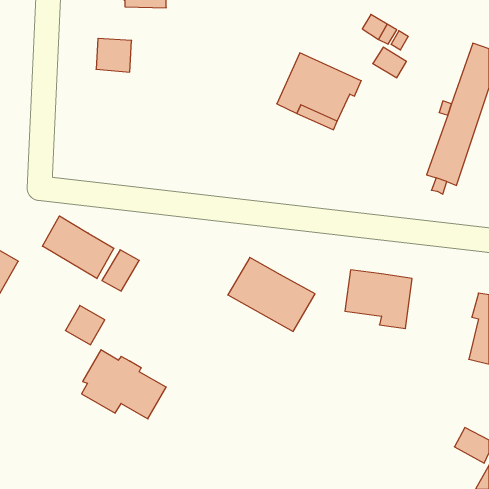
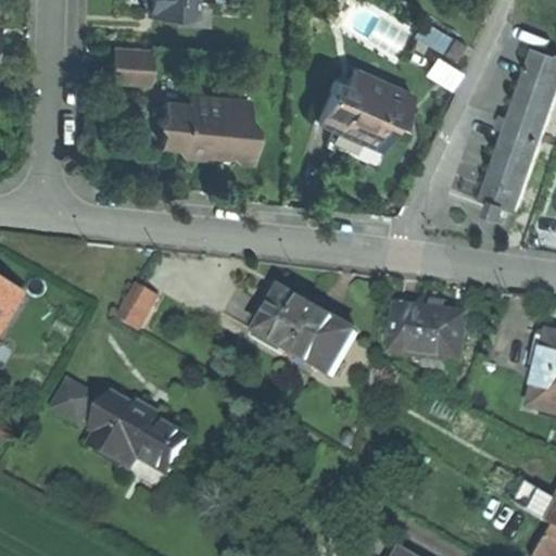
building: none -> [154,91,257,159]
building: [42,216,114,279] -> none
building: [65,305,105,345] -> [51,379,96,424]

